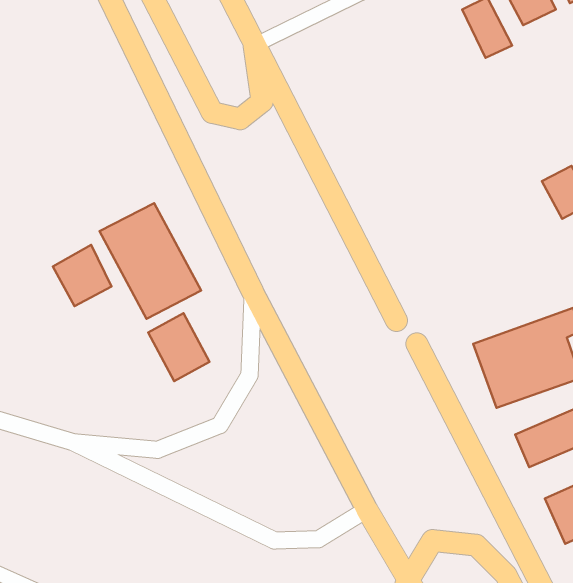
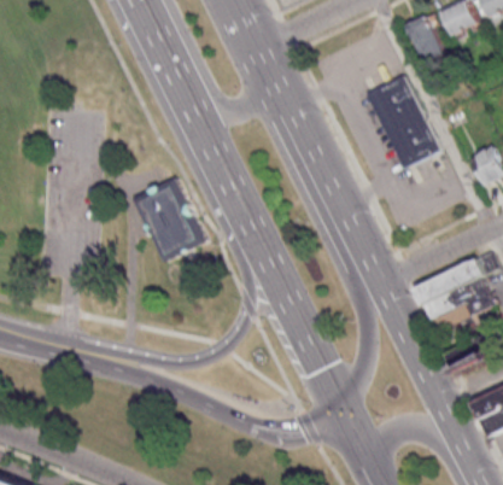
building: none -> [367,75,439,169]
building: [53,245,111,306] -> none
building: [148,313,209,381] -> none

